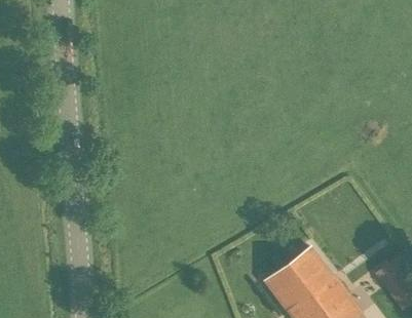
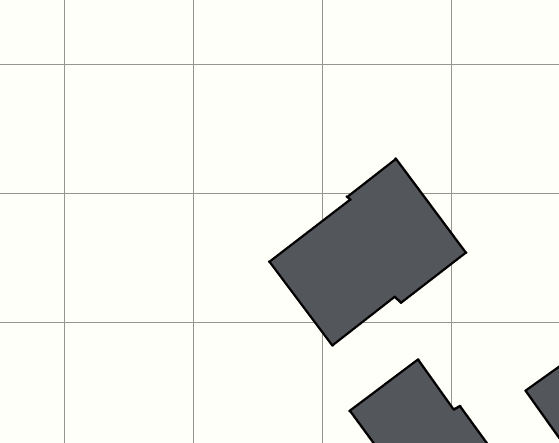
building: none -> [269,159,466,345]

